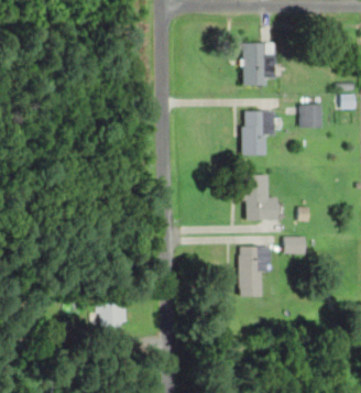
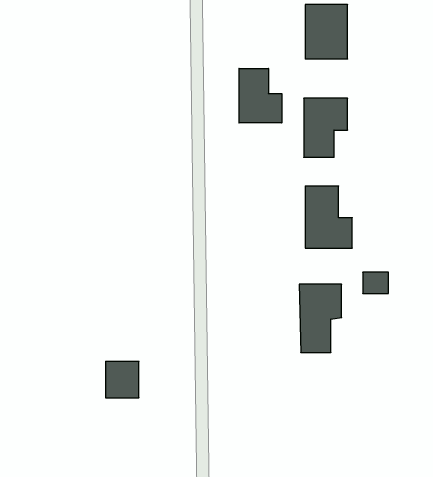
building: none -> [239,68,282,123]
building: [300,105,321,128] -> none

